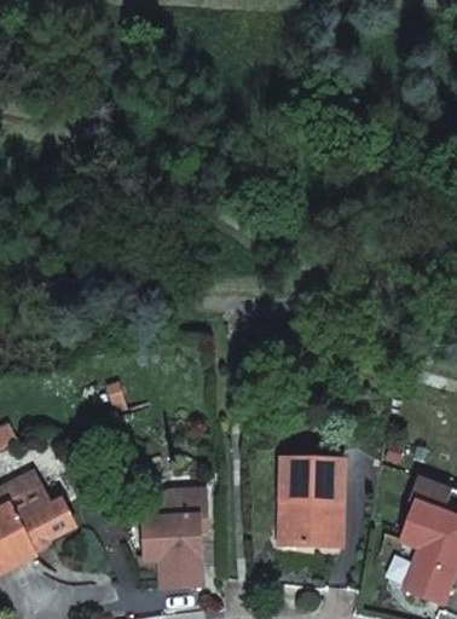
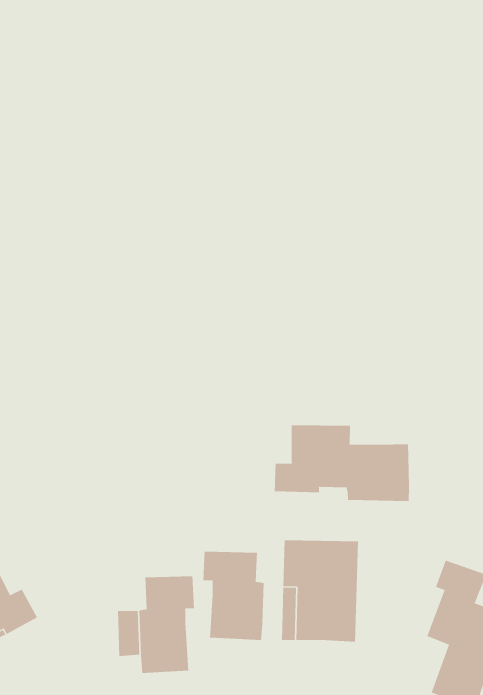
building: none -> [274,424,410,502]
building: none -> [203,551,264,641]

